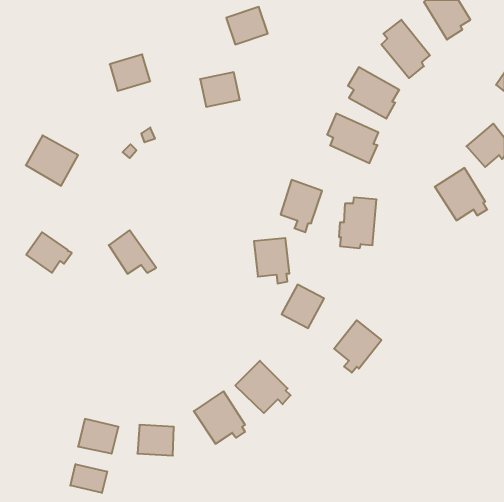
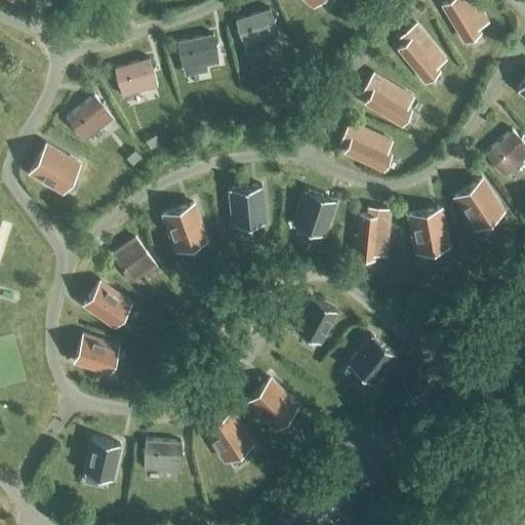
building: [200,72,240,107] -> [177,35,218,71]
building: none -> [68,96,115,142]
building: none -> [407,206,450,258]
building: none -> [155,208,193,248]
building: [26,232,72,273] -> [85,283,132,325]
building: [254,238,289,284] -> [229,187,266,234]
building: none -> [75,335,119,372]
building: [70,464,107,493] -> none

